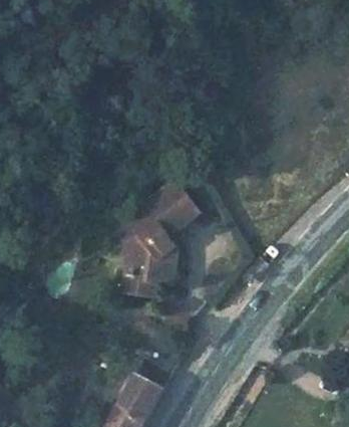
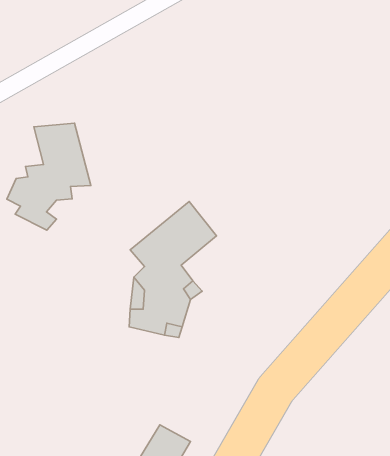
building: none -> [7,123,91,230]

